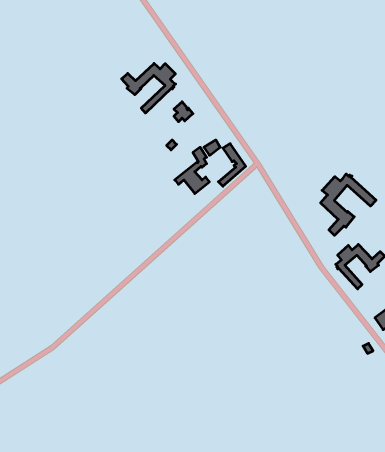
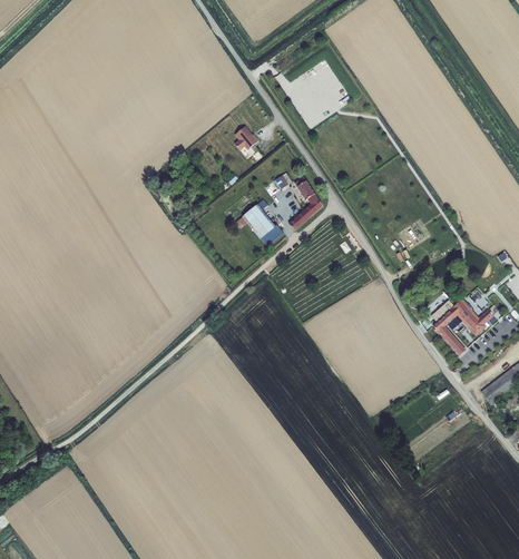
building: [122,63,176,113] -> none
building: [321,174,376,235] -> none

